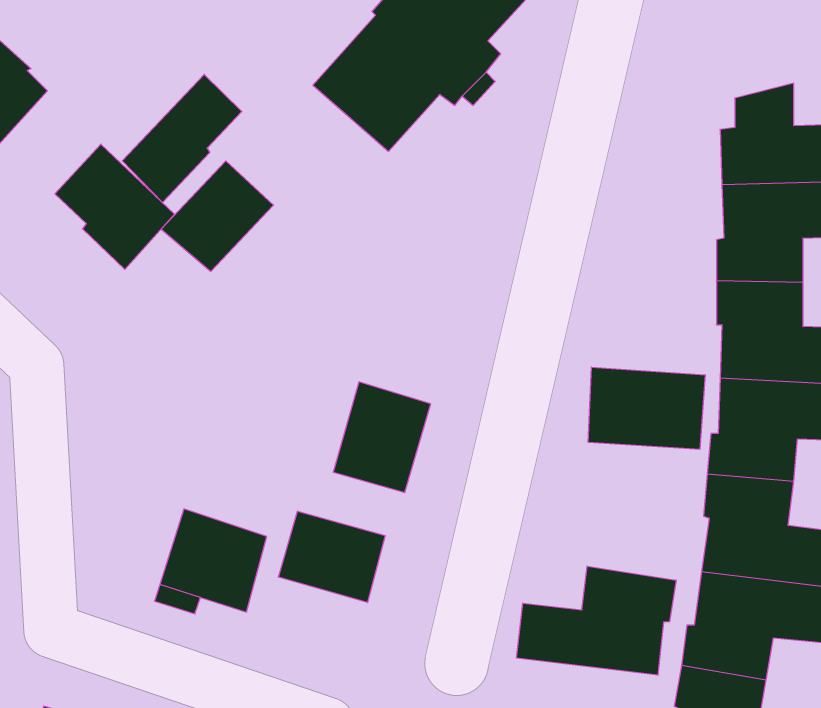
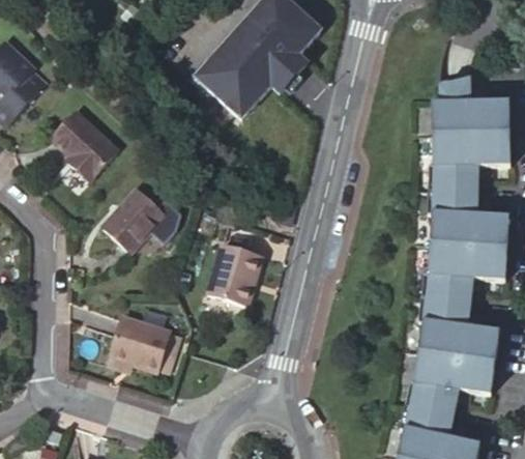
building: [122,74,242,203] -> none
building: [161,161,274,271] -> [105,192,168,254]
building: [588,367,705,449] -> none
building: [278,511,385,603] -> none
building: [517,566,676,675] -> none

